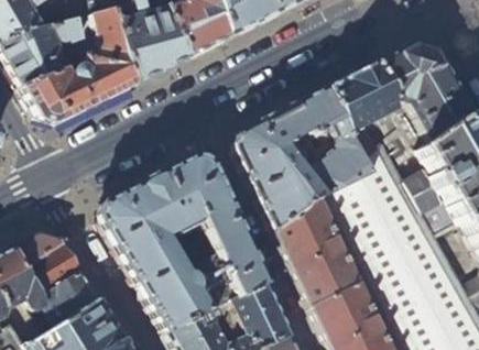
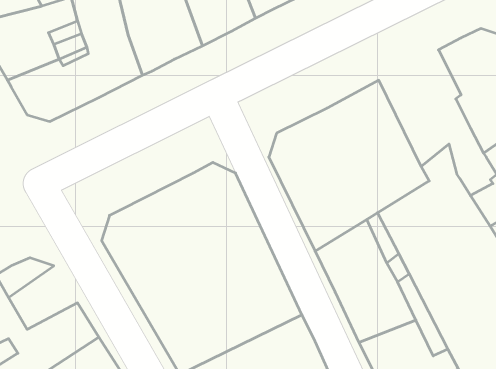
building: [333,61,409,157] -> none
building: [25,240,83,293] -> none

